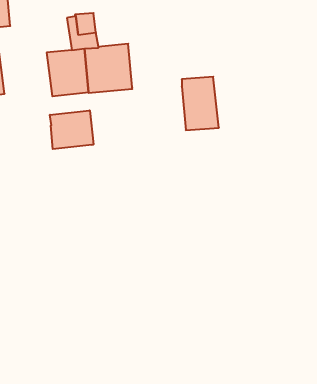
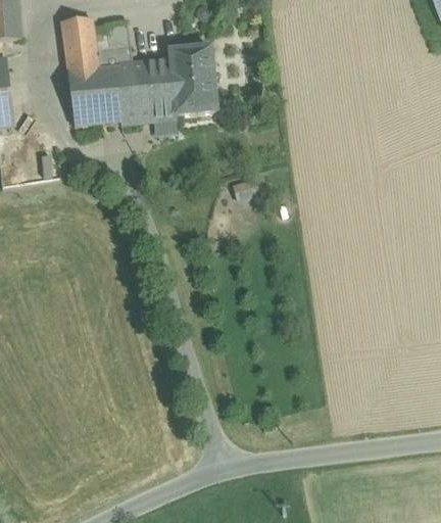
building: none -> [61,17,99,70]
building: [182,77,219,130] -> [170,47,217,114]
building: [50,110,93,149] -> none

